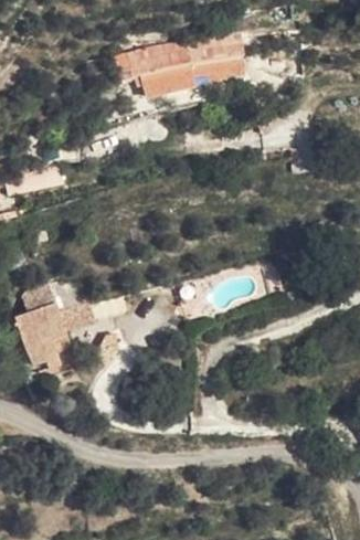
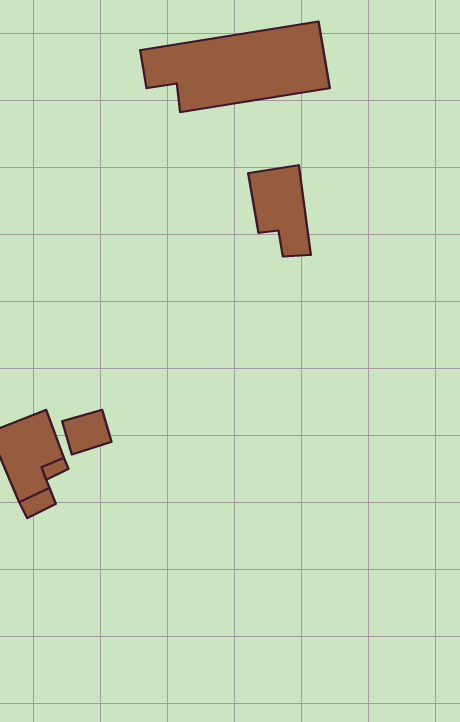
building: none -> [248,165,311,256]

